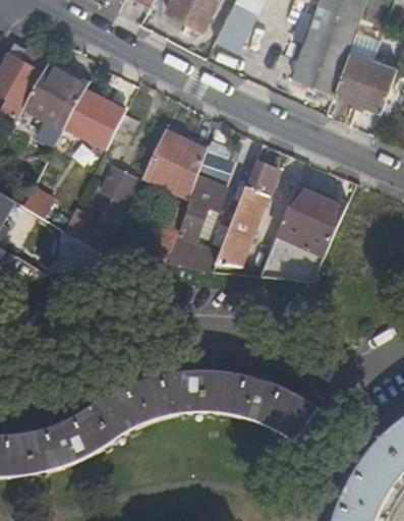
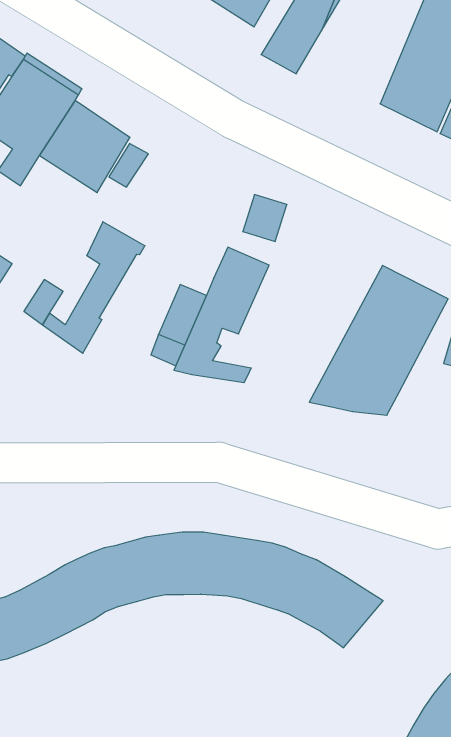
building: [142,130,206,198] -> none
building: [216,162,278,266] -> none

